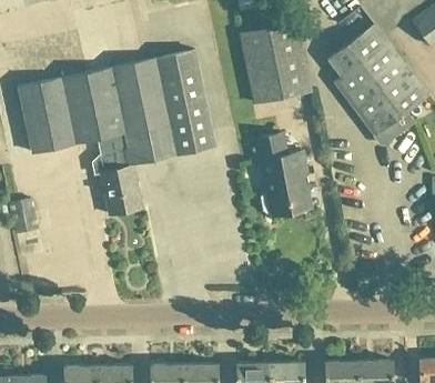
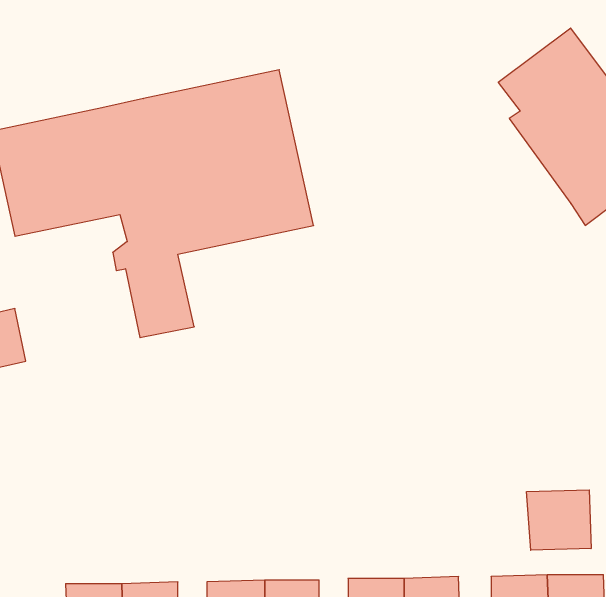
building: [239,21,311,98] -> none
building: [249,131,311,215] -> none
building: none -> [527,490,591,550]

